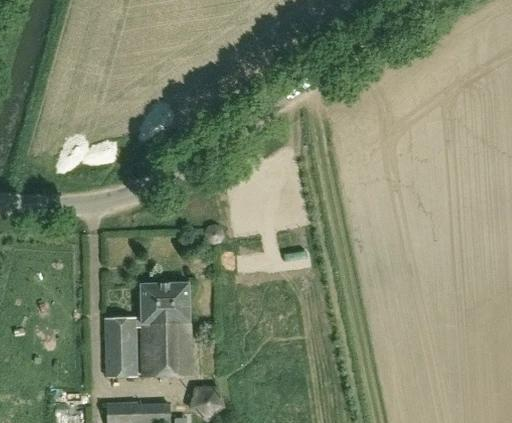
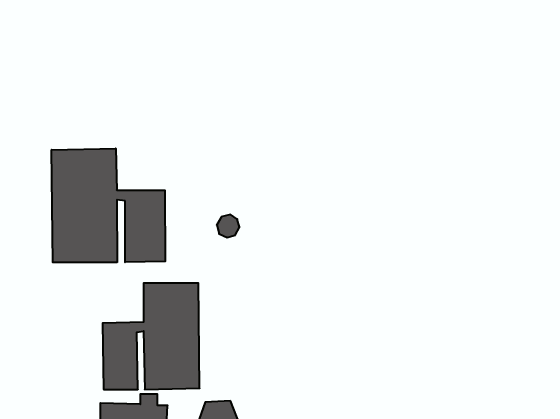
building: none -> [52,148,165,262]

